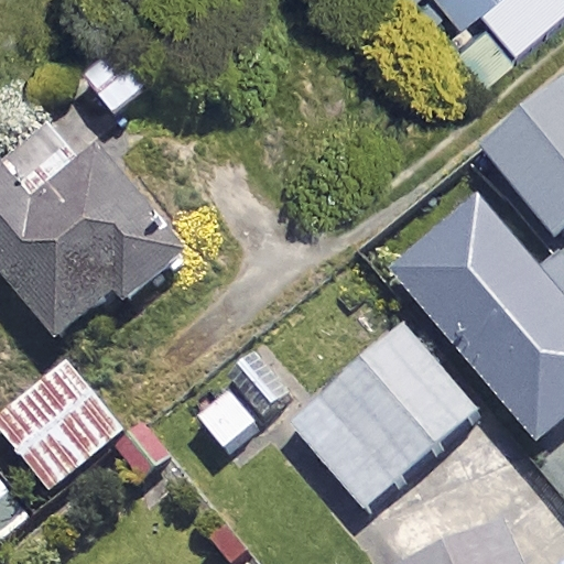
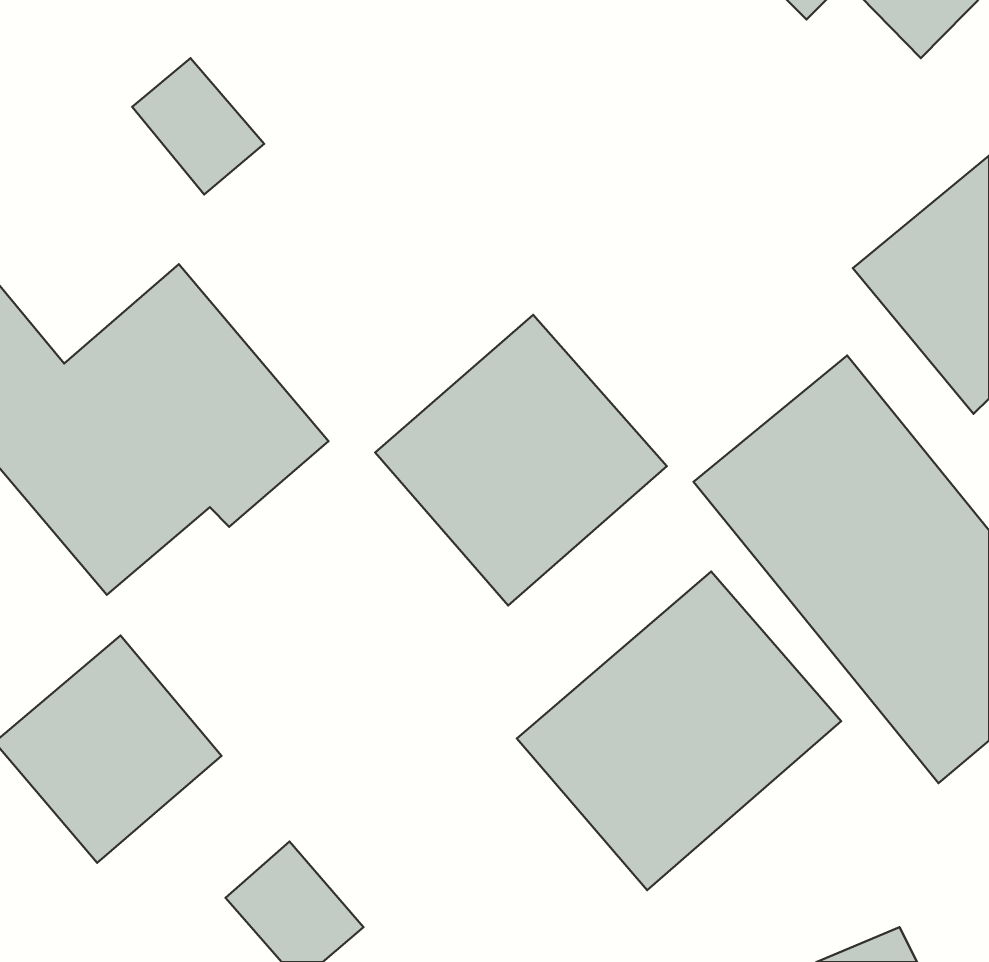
building: none -> [375,315,667,606]

